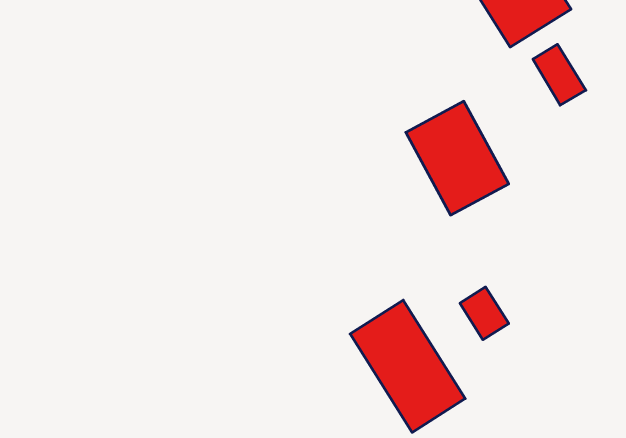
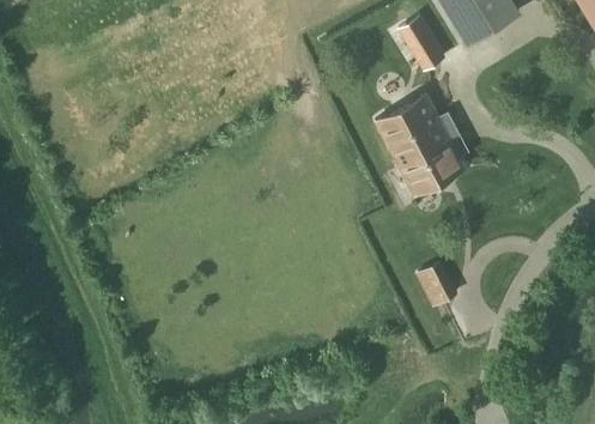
building: [533,44,586,105] -> [399,16,445,69]
building: [350,300,465,432] -> none

